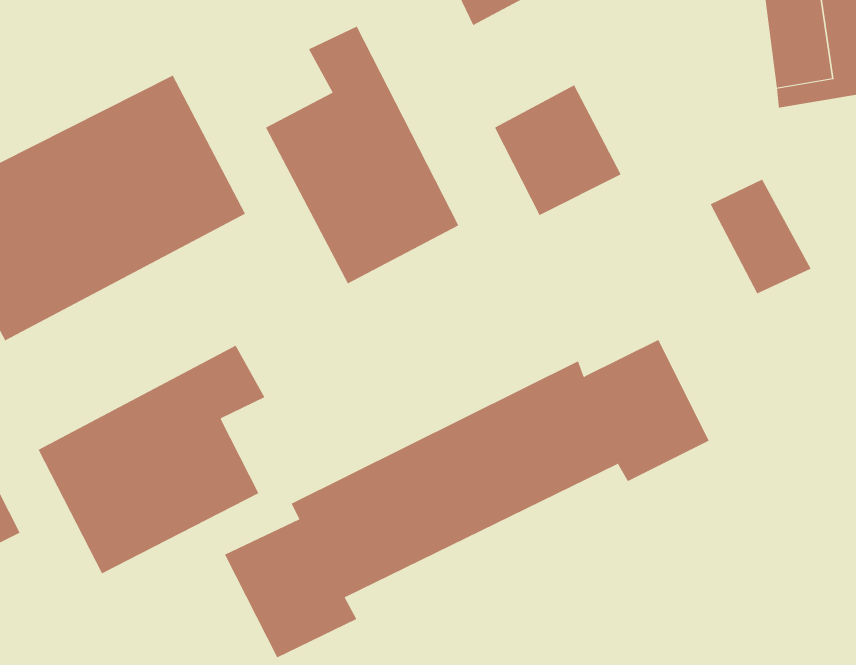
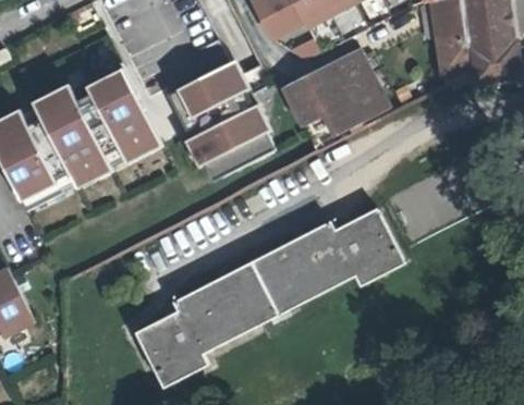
building: [710,179,812,294] -> [333,53,390,118]
building: [38,345,265,574] -> none

